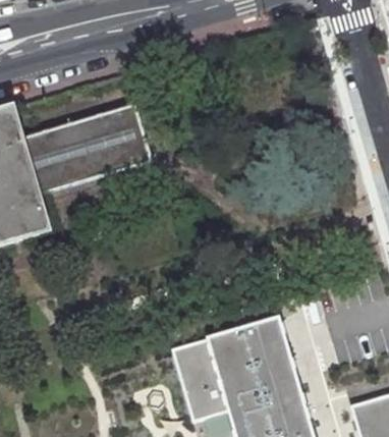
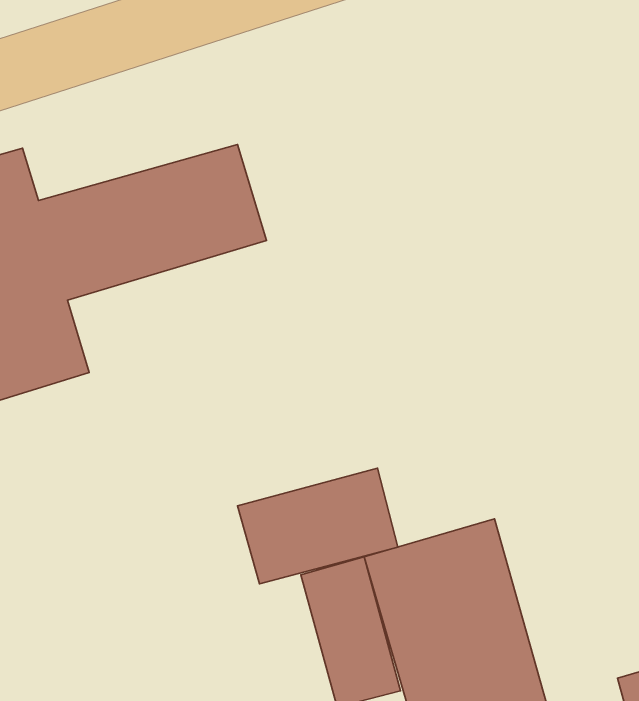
building: none -> [238,468,398,584]

